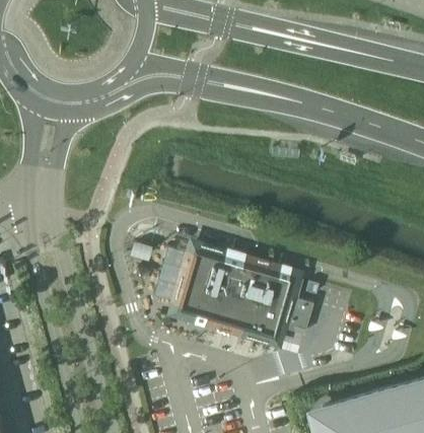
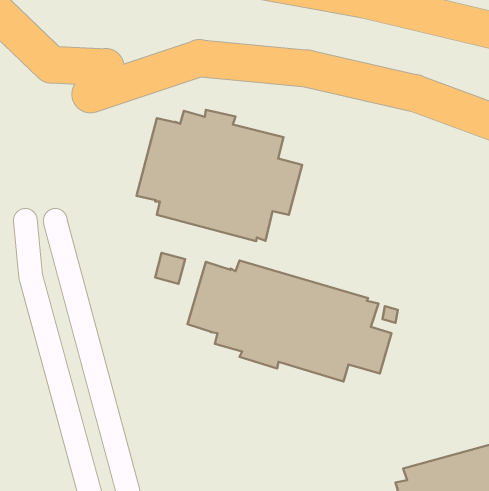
building: none -> [136,110,302,241]

